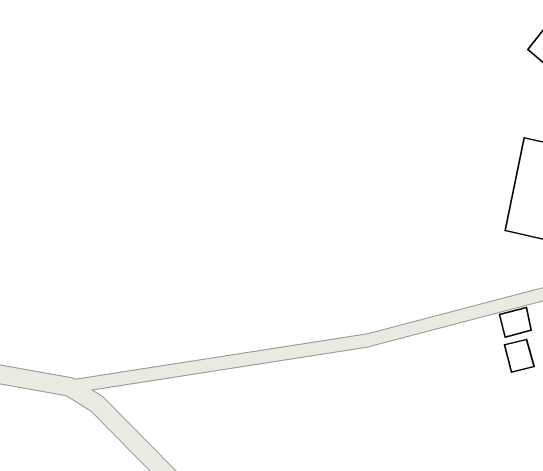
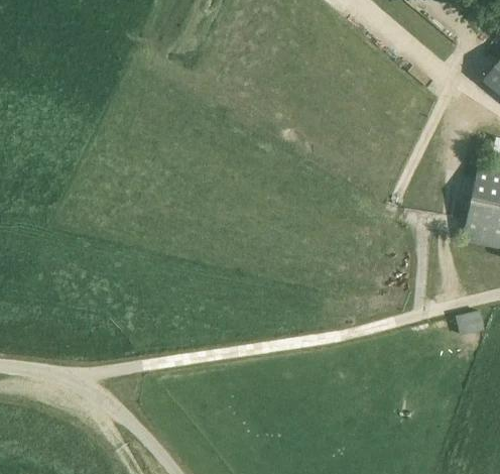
building: [505,340,534,372] -> none

